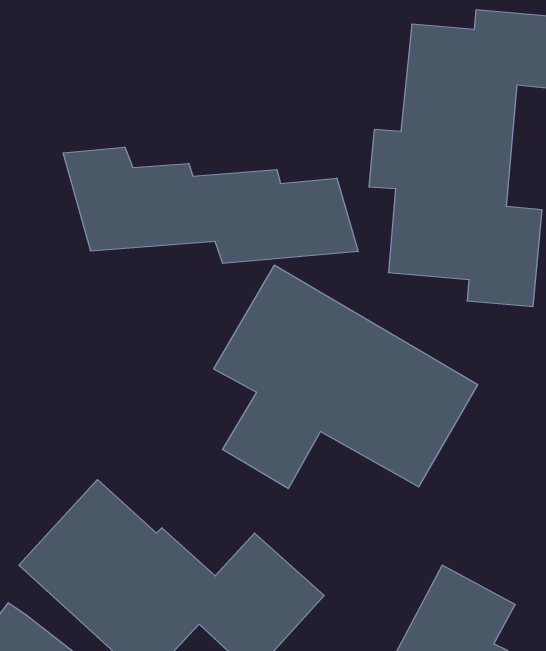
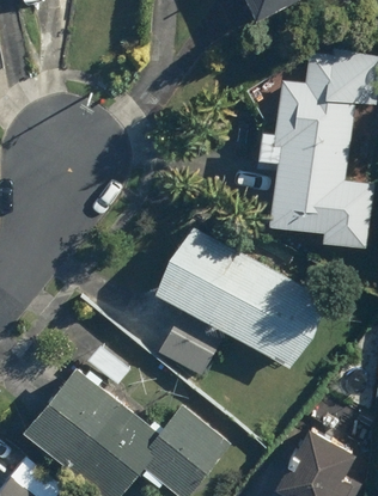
building: [63,147,358,263] -> none

